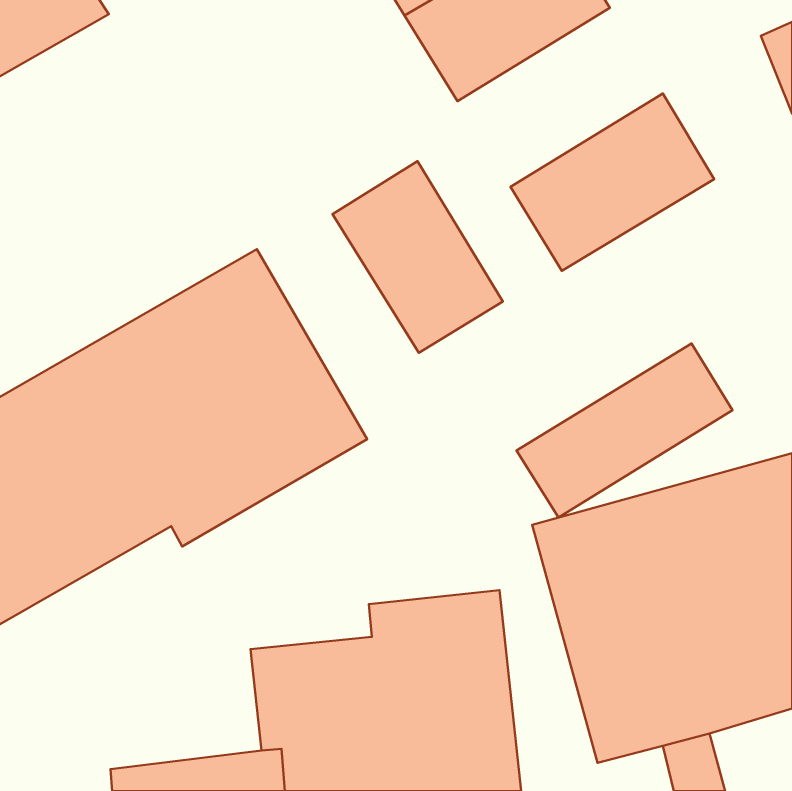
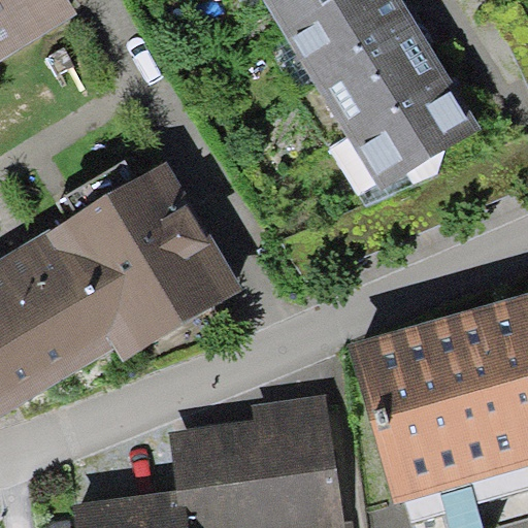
building: none -> [303,5,439,124]
building: [332,161,503,353] -> none
building: [516,343,732,517] -> none

